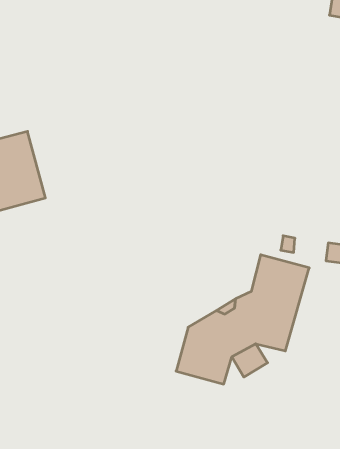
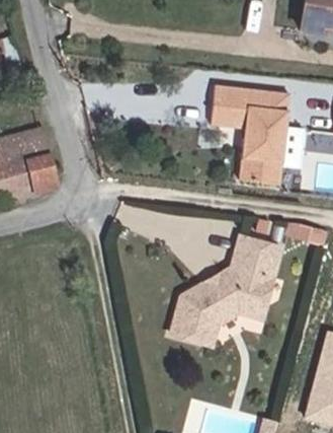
building: none -> [211,84,289,185]

